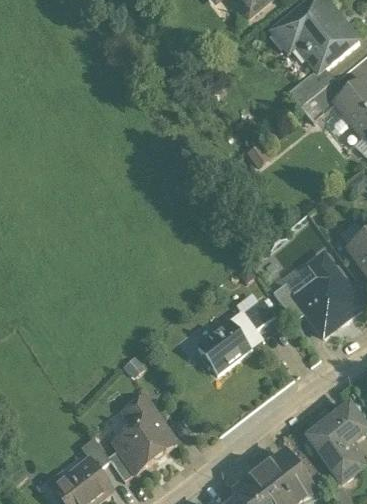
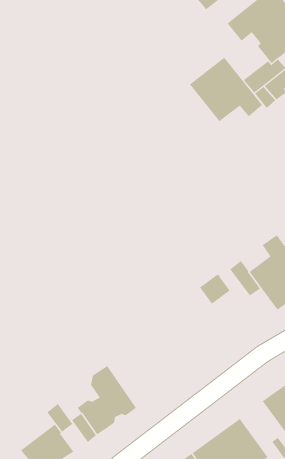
building: none -> [189,57,263,122]
building: [199,322,251,372] -> none

